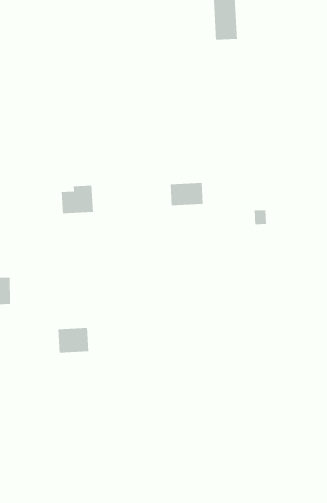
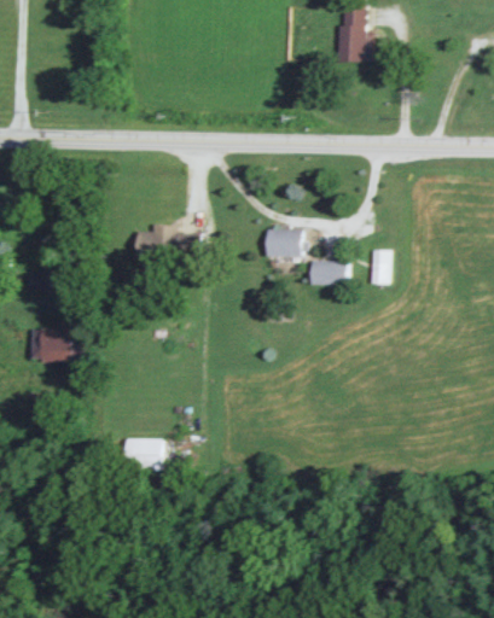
building: none -> [314,261,343,285]
building: [57,327,89,353] -> [128,438,164,467]

